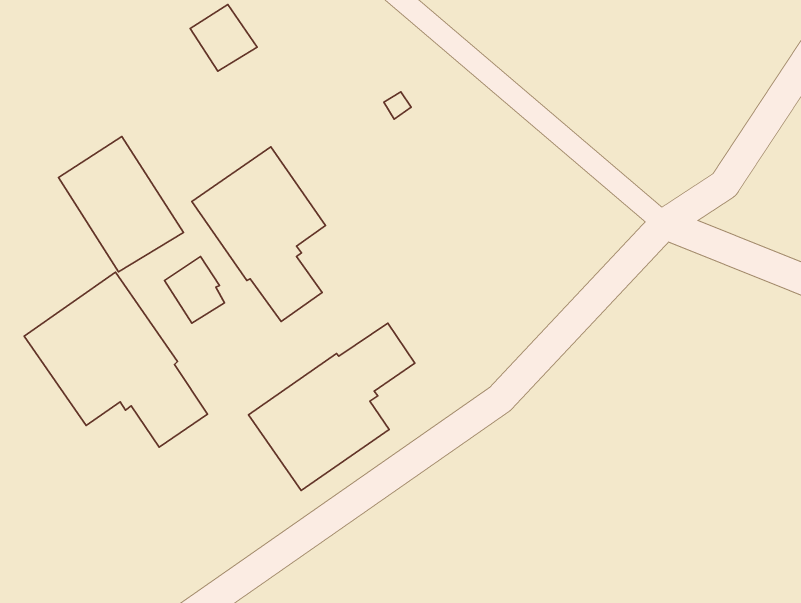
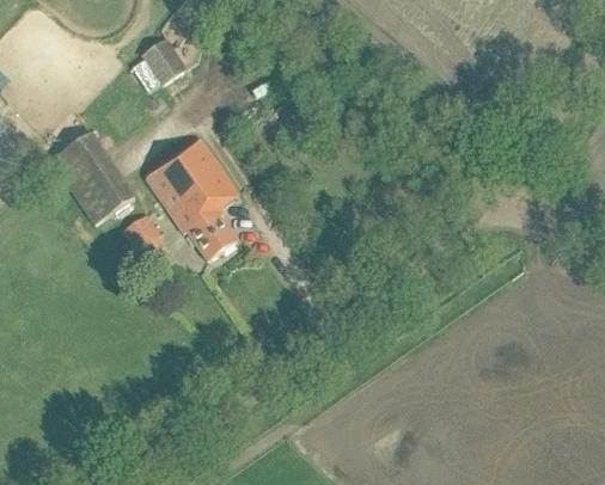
building: [24,272,208,447] -> none
building: [249,323,415,490] -> none

